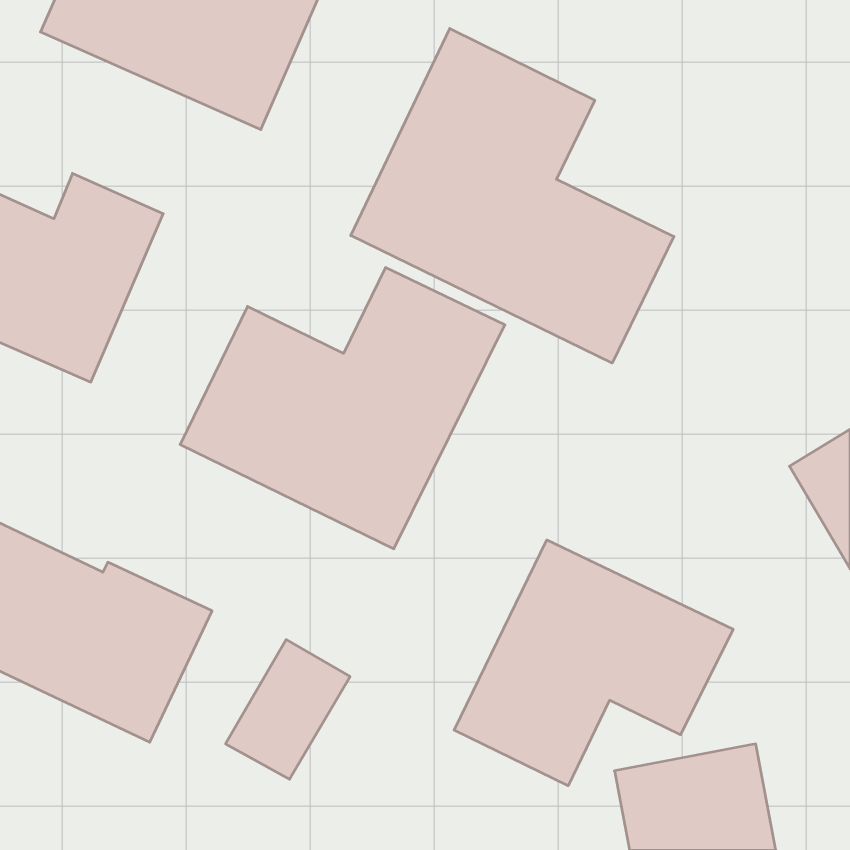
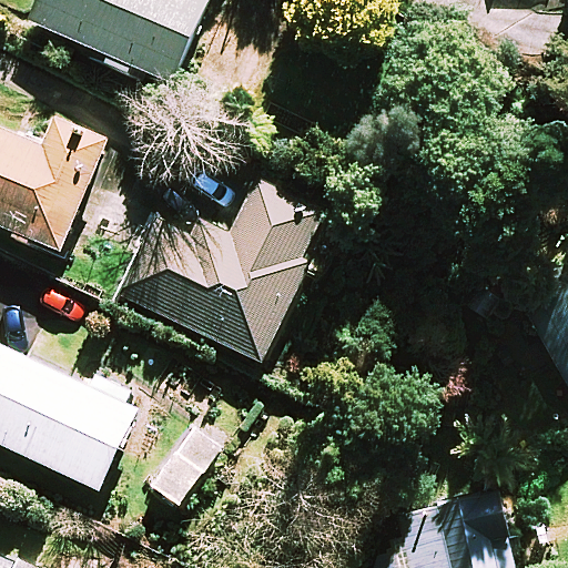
building: [351,28,674,363] -> none
building: [454,540,733,786] -> none

